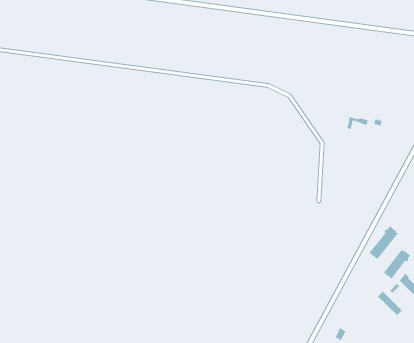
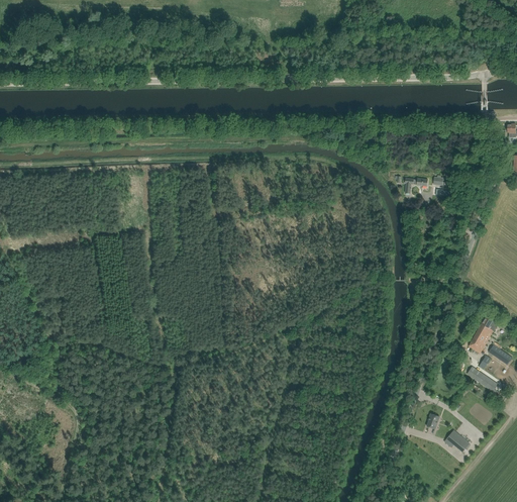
building: [369,226,399,260] -> none

